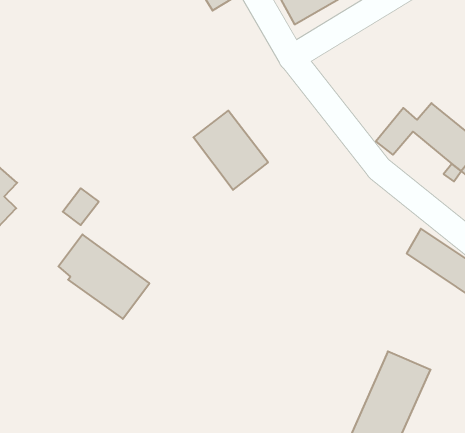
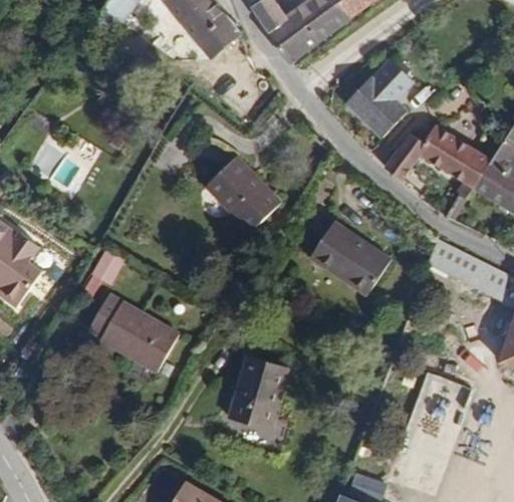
building: none -> [345,58,415,137]
building: none -> [310,221,392,295]
building: none -> [229,354,289,429]

